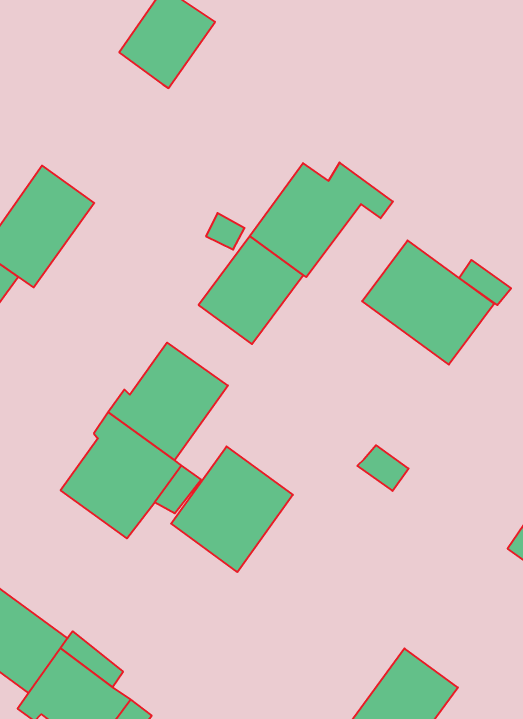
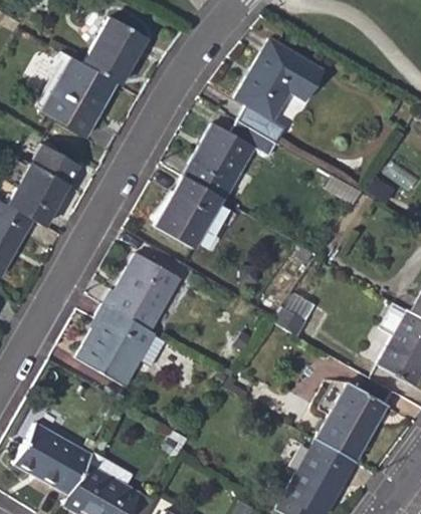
building: none -> [41,50,117,136]
building: none -> [235,39,324,143]
building: [362,240,494,365] -> none
building: [171,446,293,572] -> none
building: none -> [317,383,386,460]

